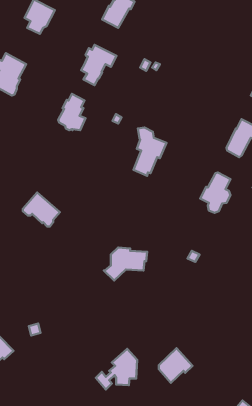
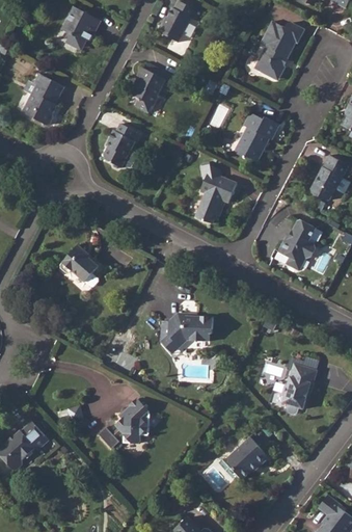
building: none -> [254,20,305,78]
building: none -> [235,111,279,161]
building: none -> [279,365,319,418]
building: [96,349,137,390] -> [99,398,150,448]

